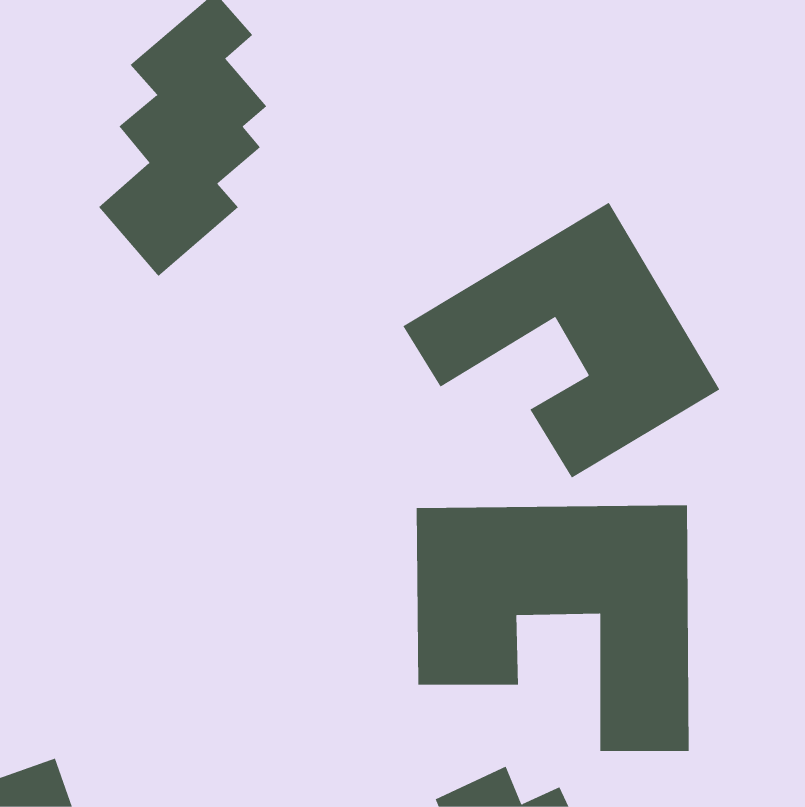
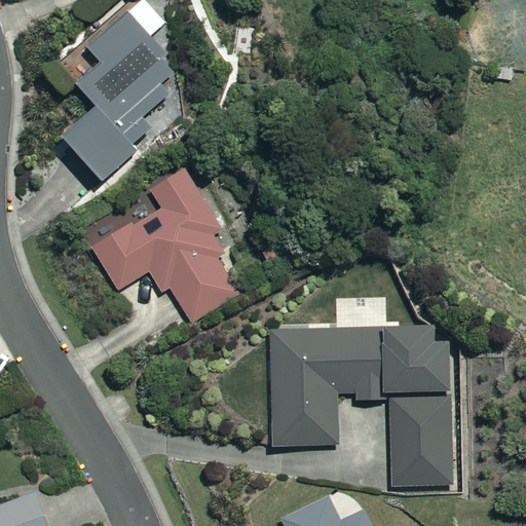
building: [403,202,720,479] -> none
building: none -> [85,164,239,325]

